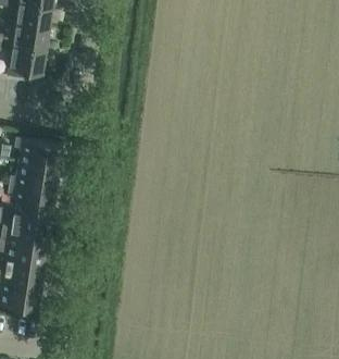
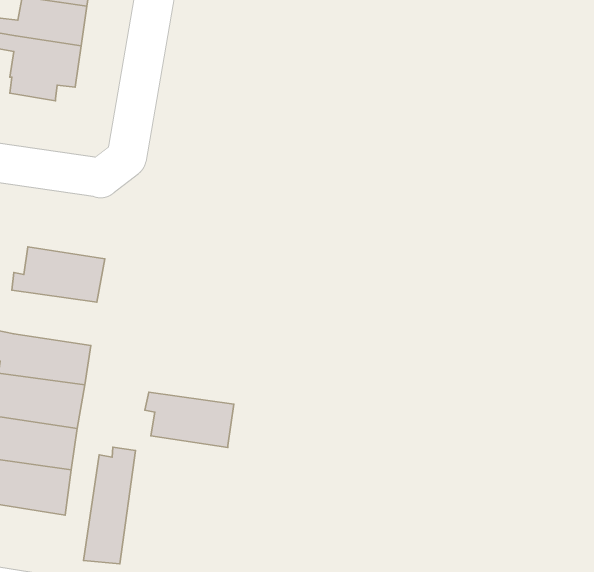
building: [14,136,63,166] -> none
building: [7,184,55,214] -> [145,392,234,448]
building: none -> [83,447,136,564]

